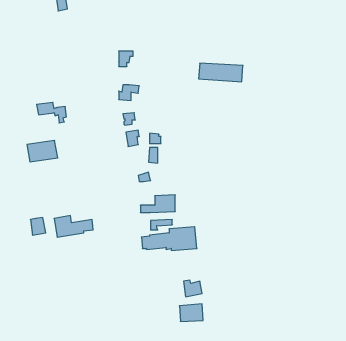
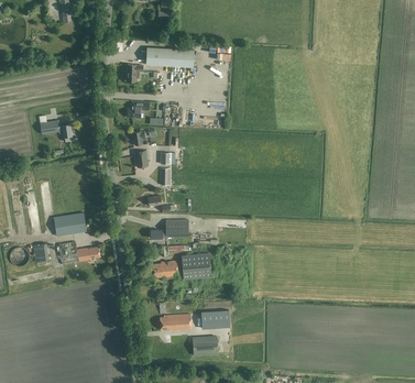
building: [199,63,243,82] -> [146,47,194,67]
building: [27,140,58,162] -> [54,212,87,236]
building: none -> [161,314,192,330]

